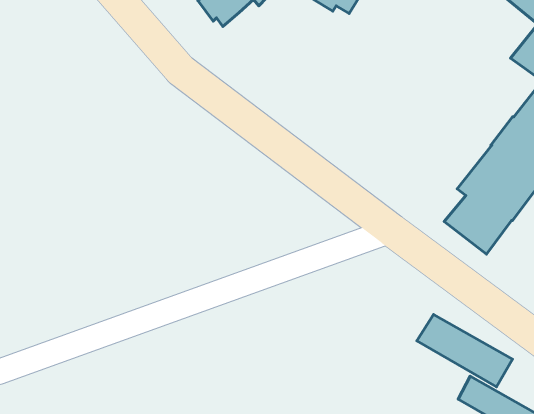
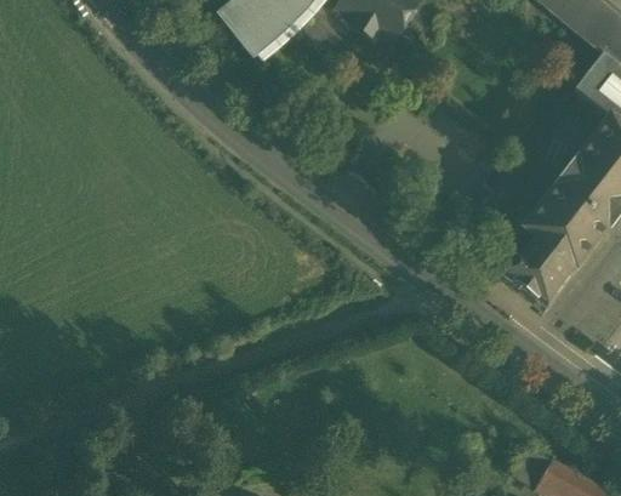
building: [417,314,512,387] -> none

